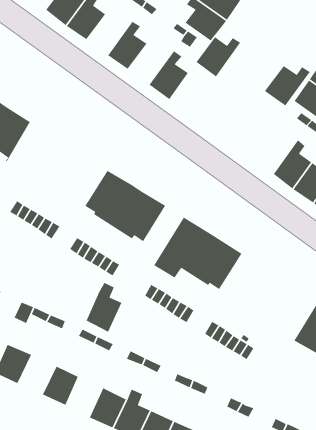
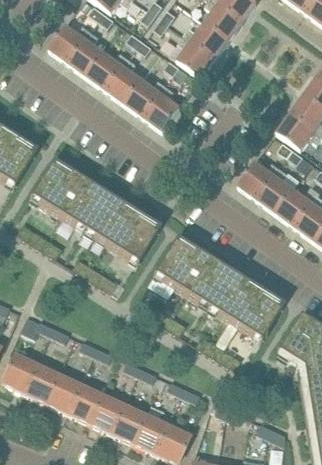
building: none -> [86,52,128,90]
building: [195,36,241,77] -> [124,79,166,117]
building: [264,65,311,107] -> [237,161,280,199]
building: none -> [29,161,105,230]
building: none -> [207,272,283,342]
building: [86,282,123,333] -> [67,376,101,423]
building: none -> [23,365,58,402]

